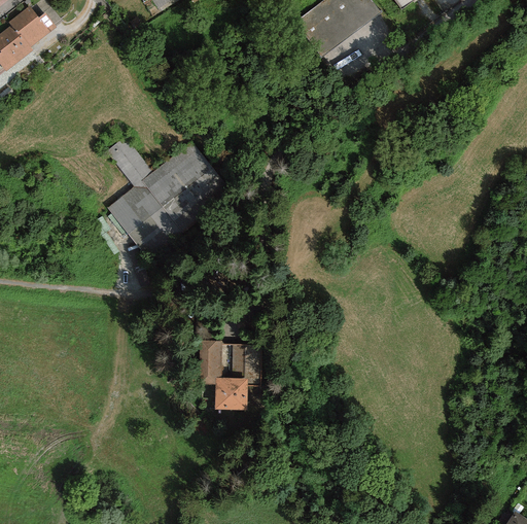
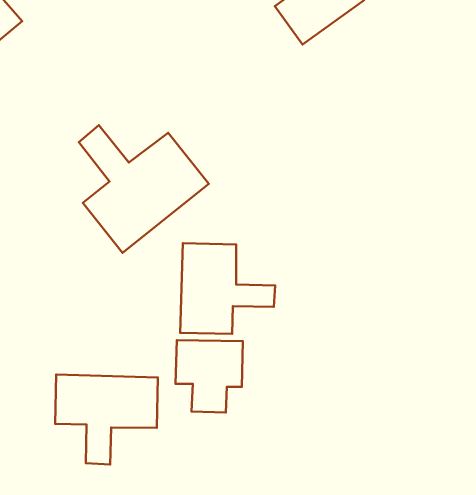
building: none -> [180,243,275,334]
building: none -> [55,374,158,464]

